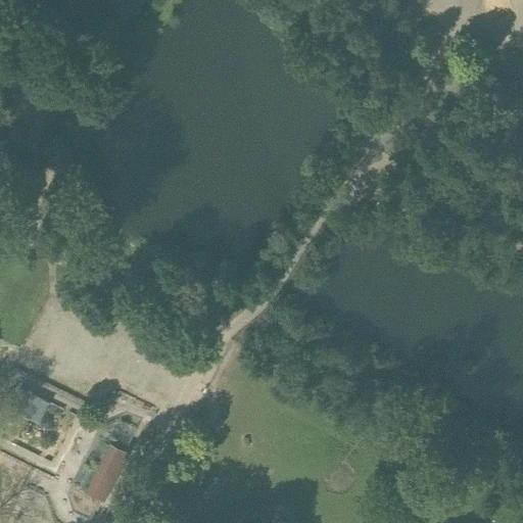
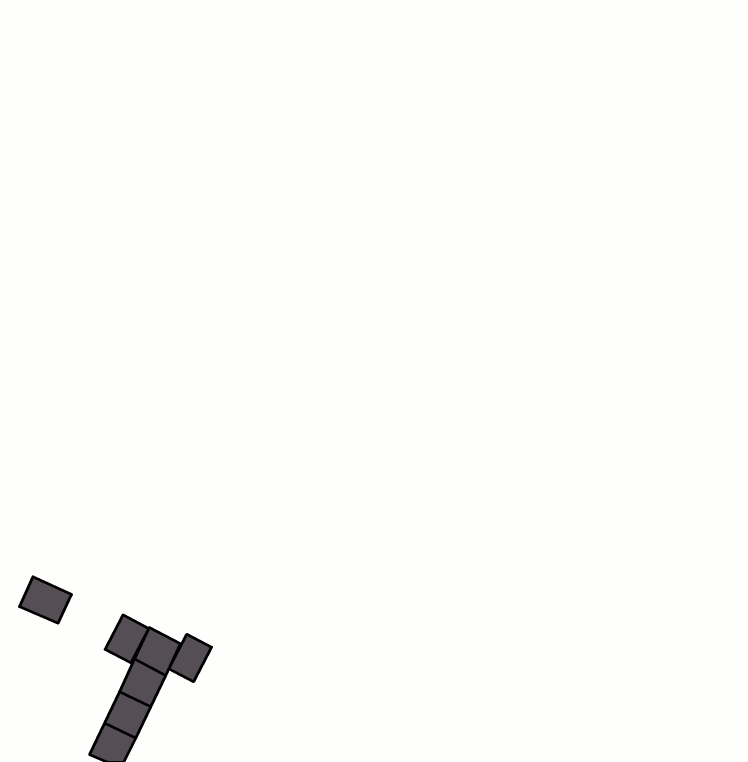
building: none -> [105,615,149,663]
building: none -> [169,634,212,682]

